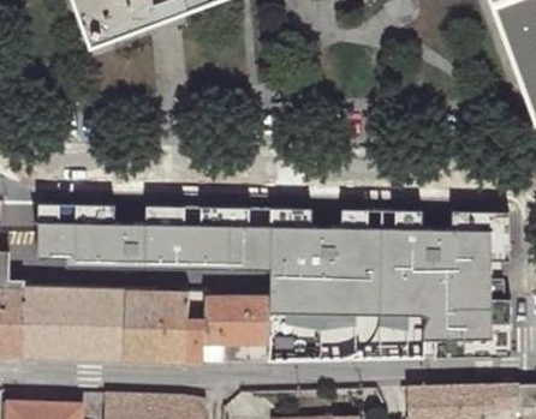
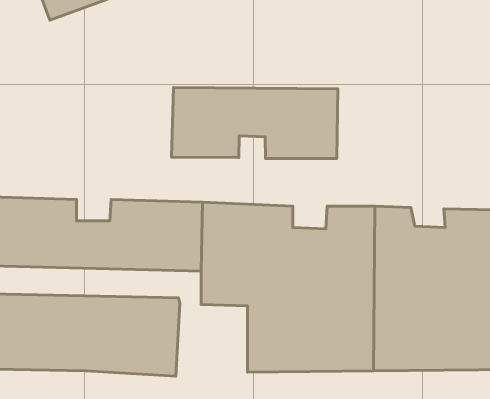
building: none -> [172,88,338,159]
building: [204,297,269,363] -> none

